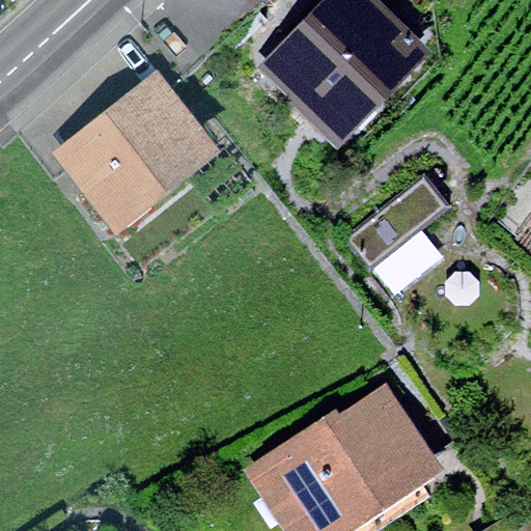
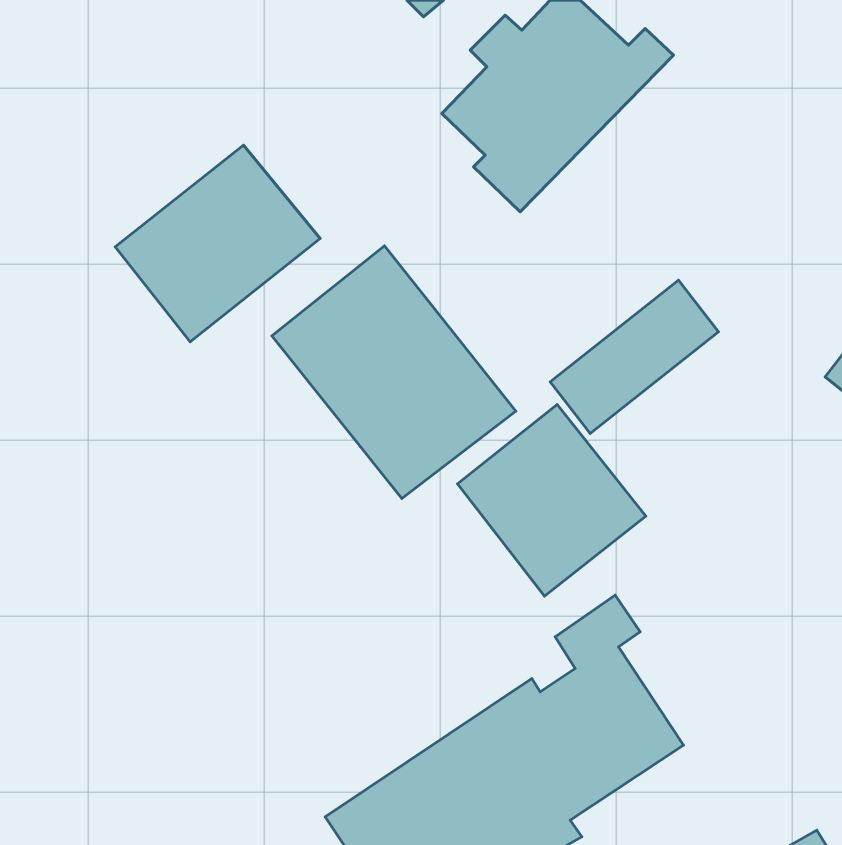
building: none -> [272,246,516,499]
building: none -> [457,405,646,596]

